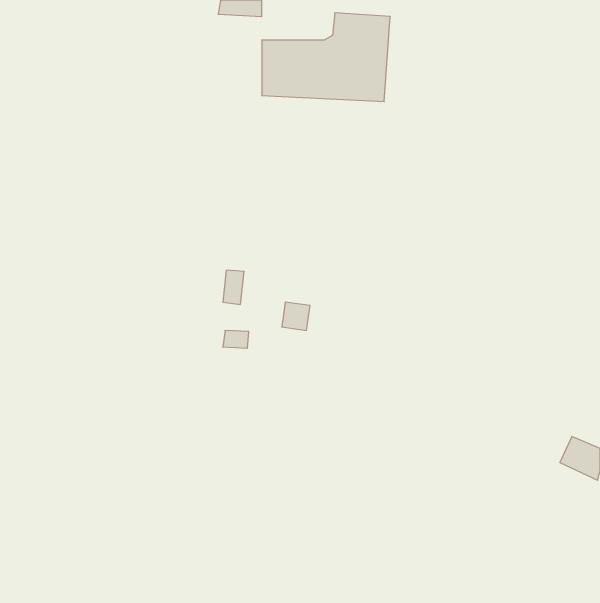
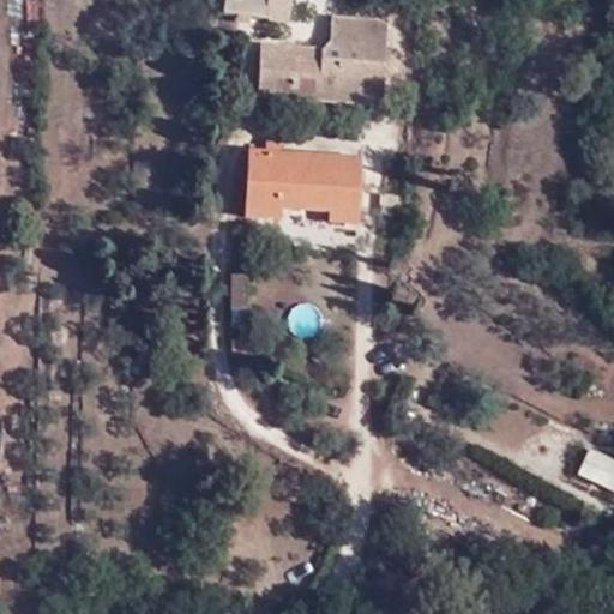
building: none -> [245,138,360,221]

